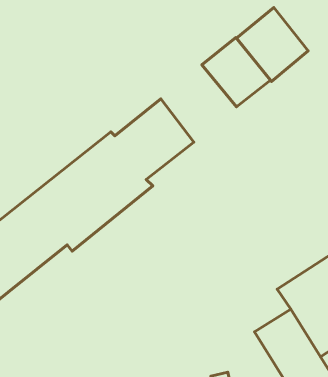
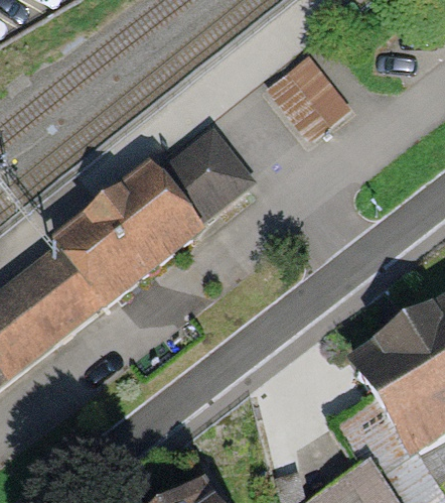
building: [236,8,308,81] -> none

